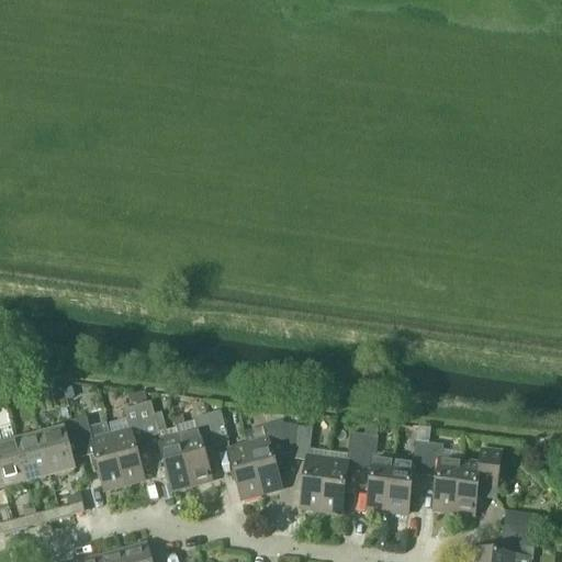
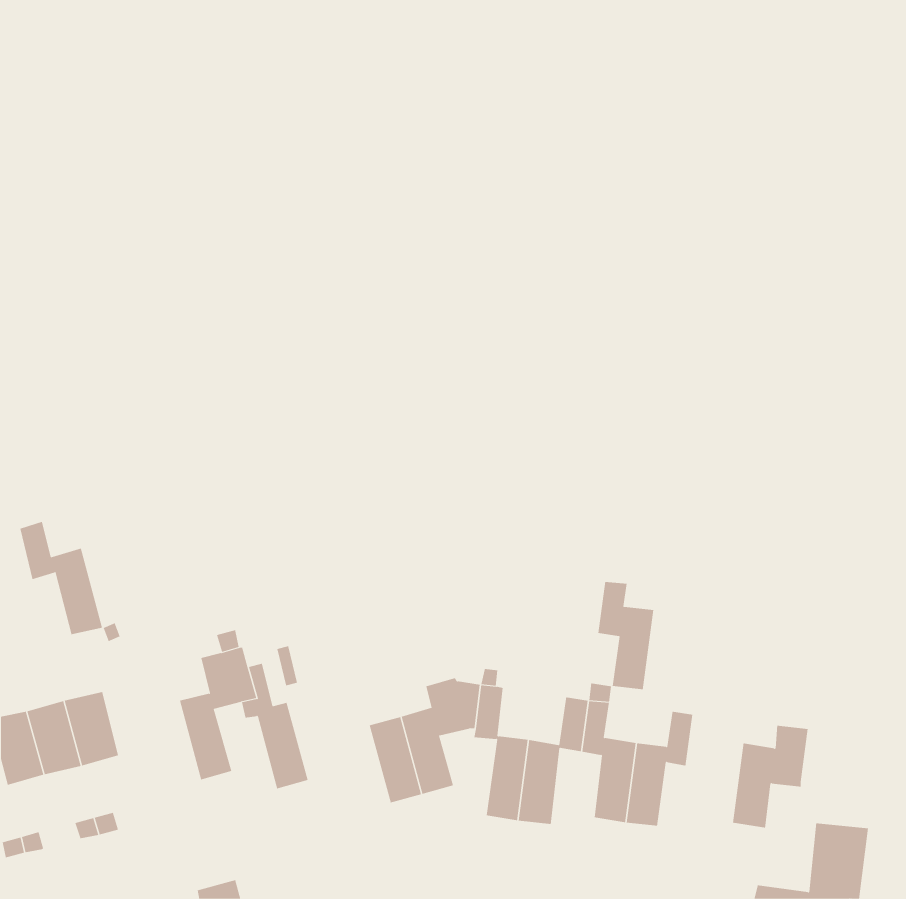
building: [178,409,228,483] -> none
building: [72,417,124,487] -> [20,521,103,635]
building: [425,442,460,509] -> [597,582,654,690]

